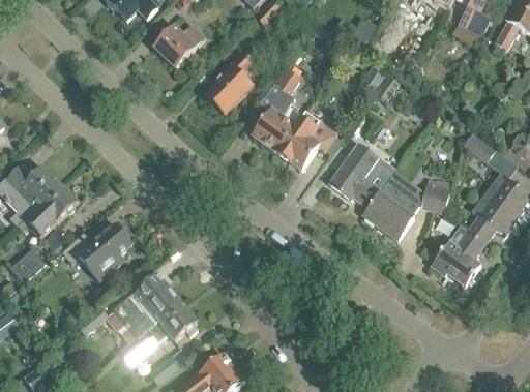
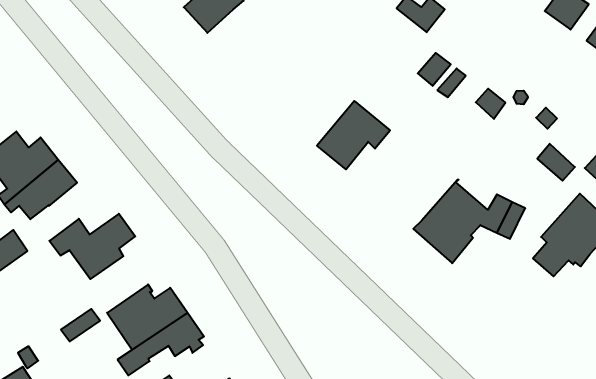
building: [204,50,254,114] -> none
building: [252,70,304,152] -> none
building: [329,146,396,207] -> none
building: [432,225,484,285] -> none

